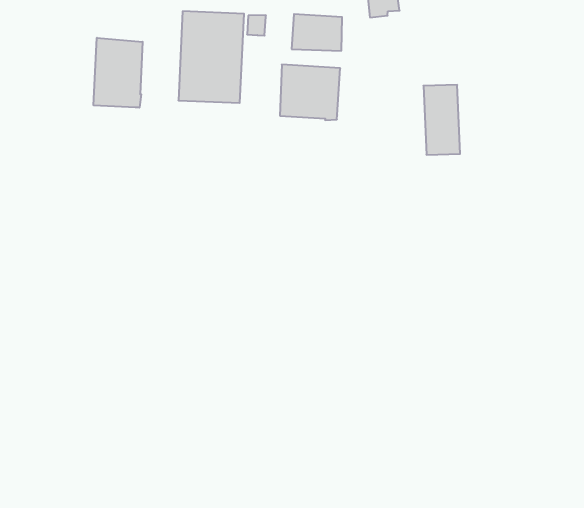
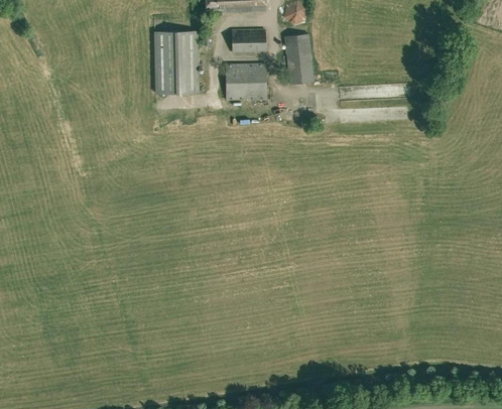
building: [94,38,143,108] -> none
building: [423,85,460,155] -> [284,34,312,84]

